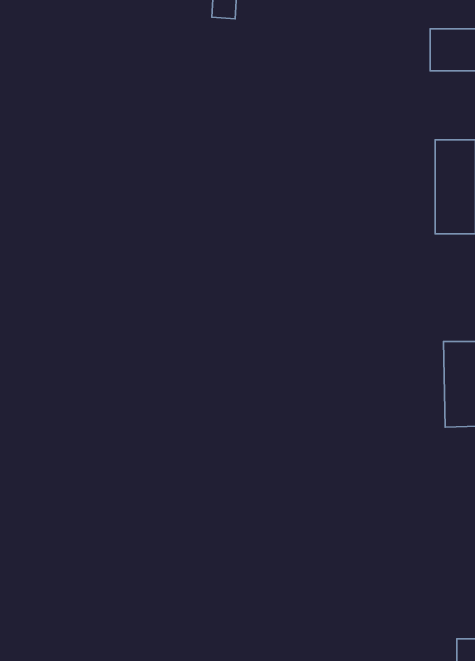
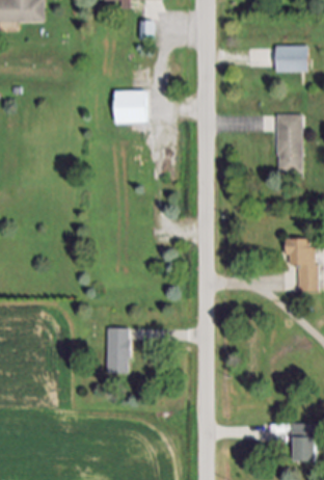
building: none -> [113,91,145,124]
building: none -> [106,328,129,374]

